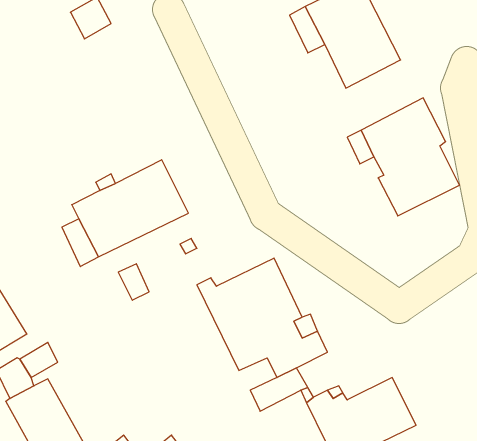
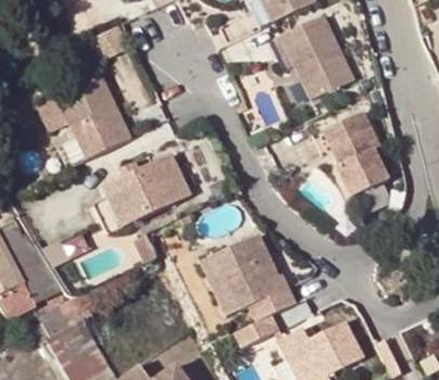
building: none -> [57,78,131,163]

